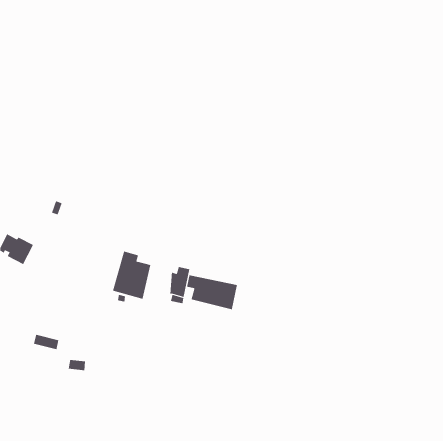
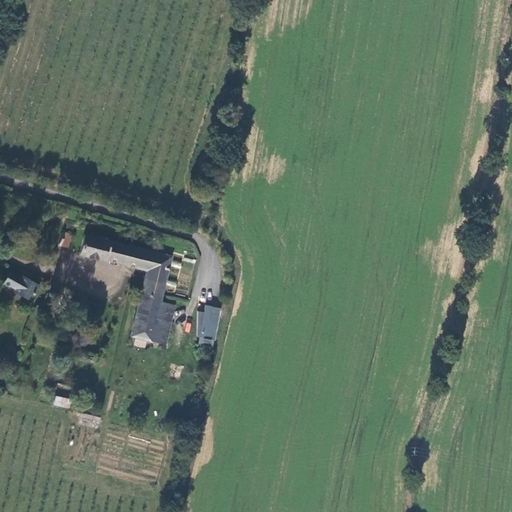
building: none -> [82,236,170,297]
building: [186,274,237,310] -> none

